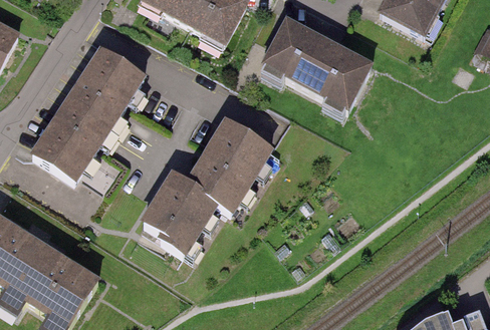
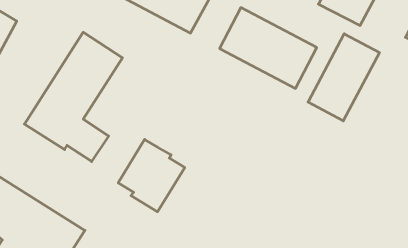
building: none -> [308,34,379,121]
building: [186,117,273,213] -> none

